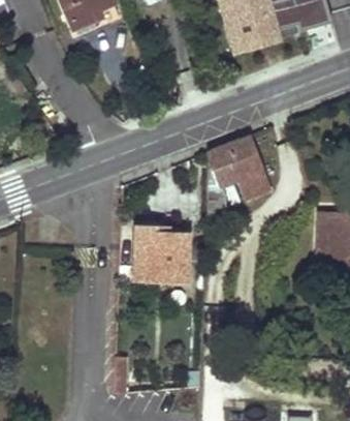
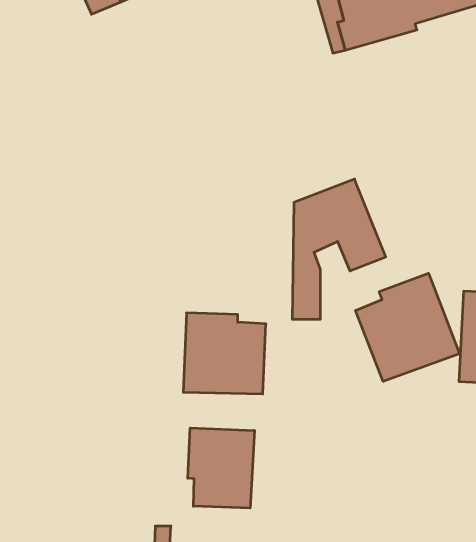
building: none -> [356,273,459,381]
building: none -> [188,428,254,508]

